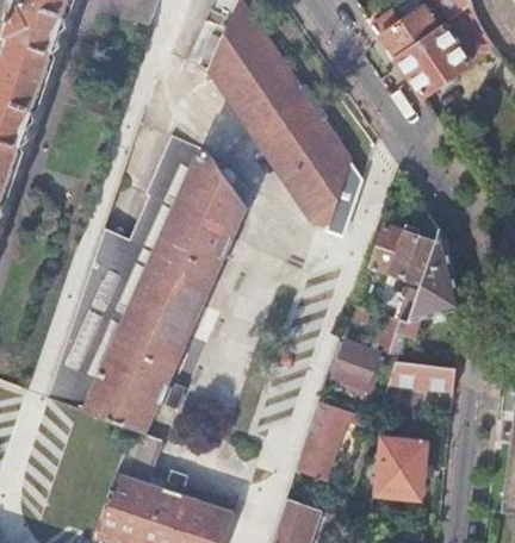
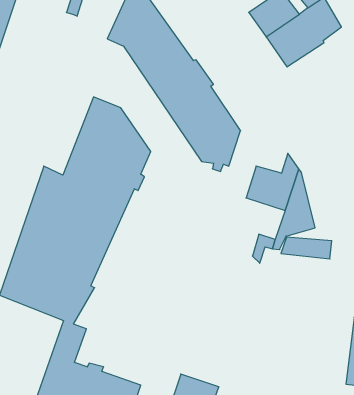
building: [330,343,377,388] -> none
building: [387,362,454,391] -> [281,237,332,259]
building: [293,401,366,480] -> none
building: [377,439,424,498] -> none

